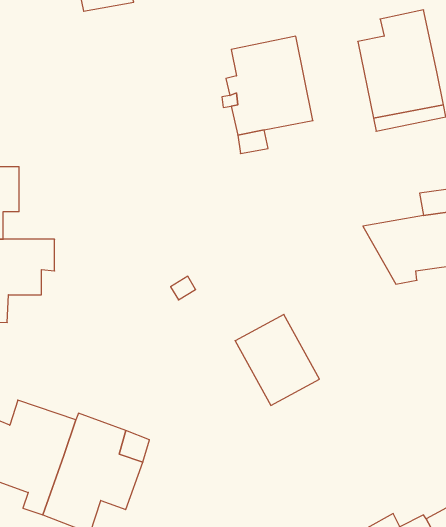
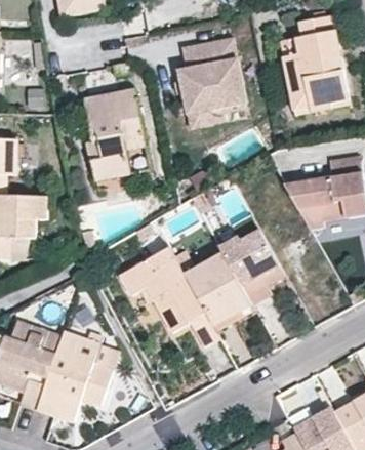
building: none -> [83,90,144,180]
building: none -> [219,232,283,303]
building: none -> [120,246,219,345]

